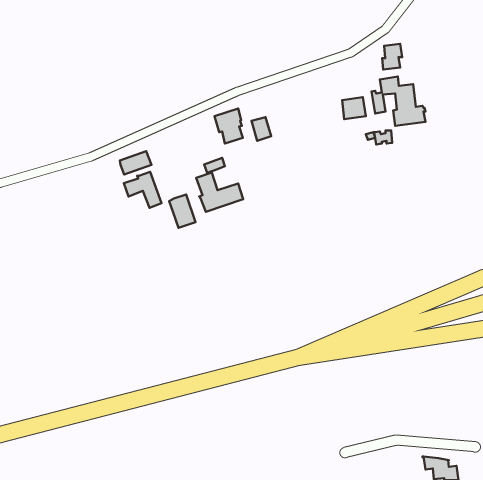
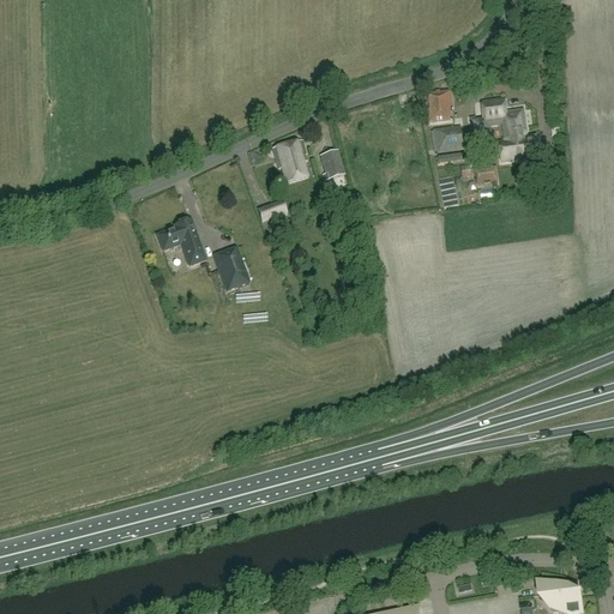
building: [382,44,402,69] -> [428,89,453,121]
building: [120,151,151,175] -> none
building: [196,172,243,212] -> none

